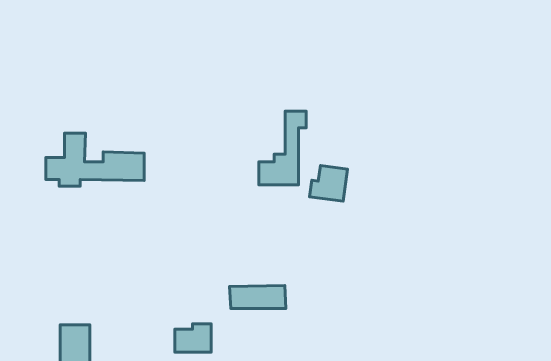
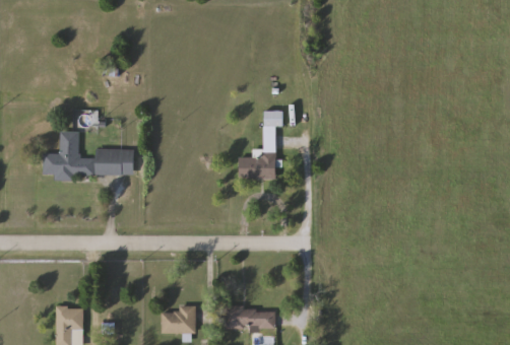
building: [309,165,348,201] -> none
building: [230,285,286,308] -> [224,307,275,329]

